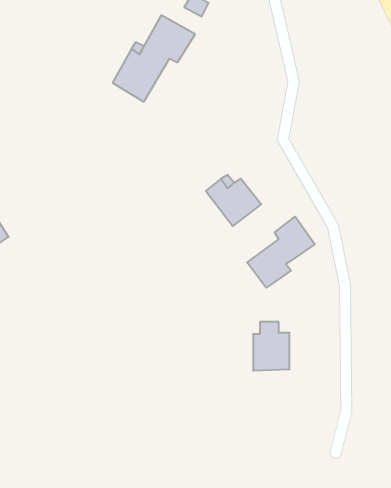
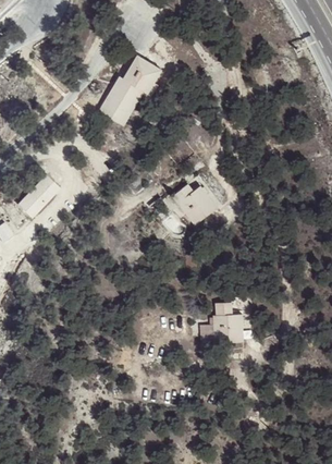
building: none -> [16,174,59,218]
building: [247,217,315,288] -> none

